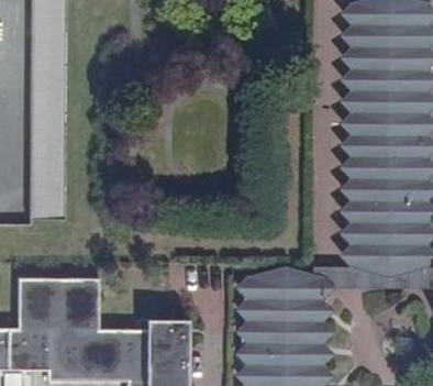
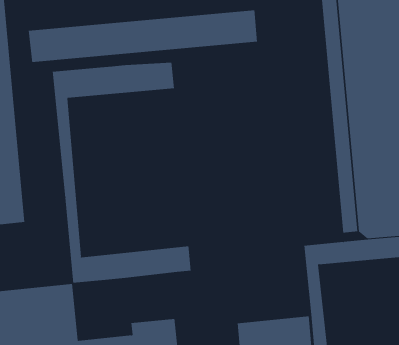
building: none -> [28,9,257,63]
building: none -> [52,62,191,283]
building: [244,277,310,330] -> none

